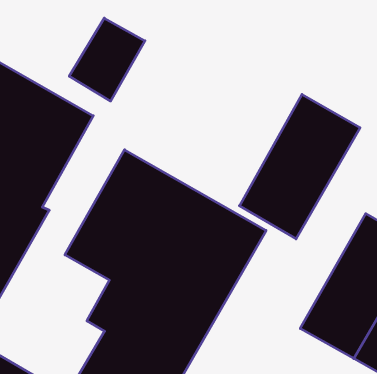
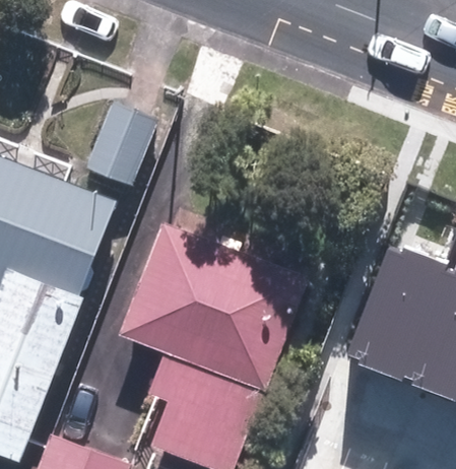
building: [239,94,360,239] -> none

